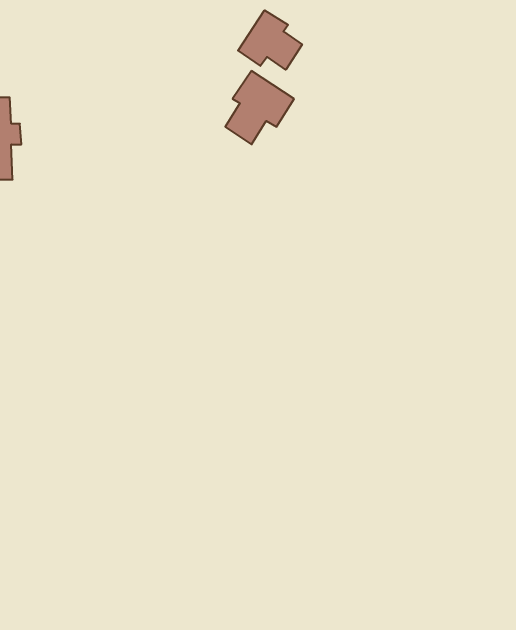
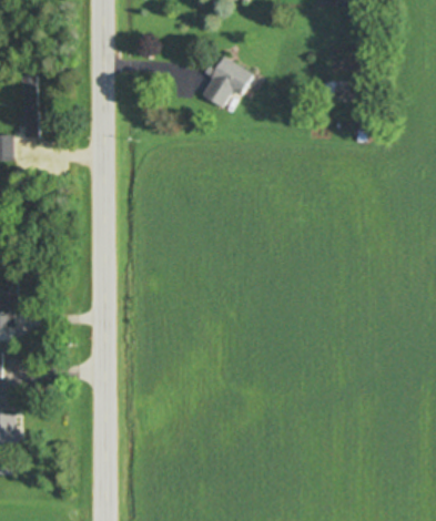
building: [238,10,302,70] -> none

